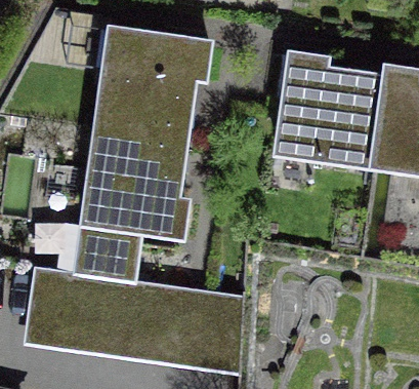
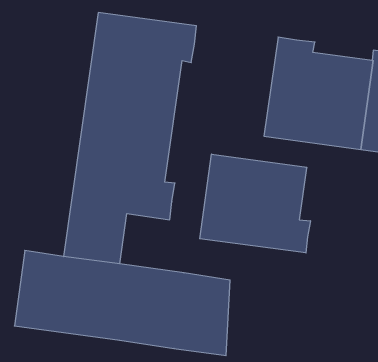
building: none -> [200,154,310,253]

